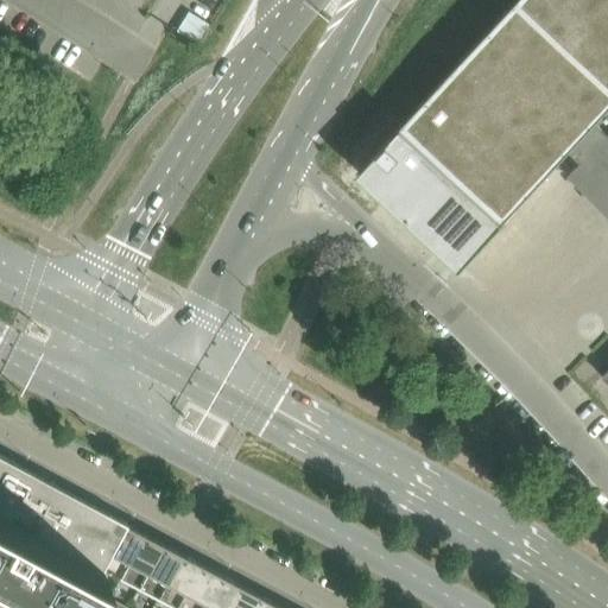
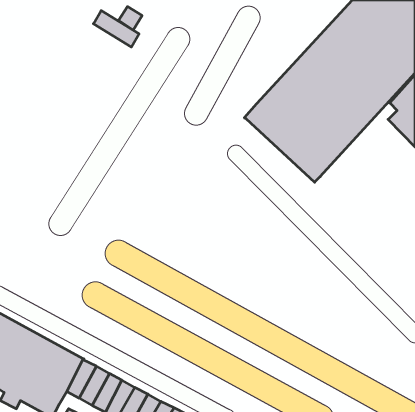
building: none -> [93,11,139,47]

